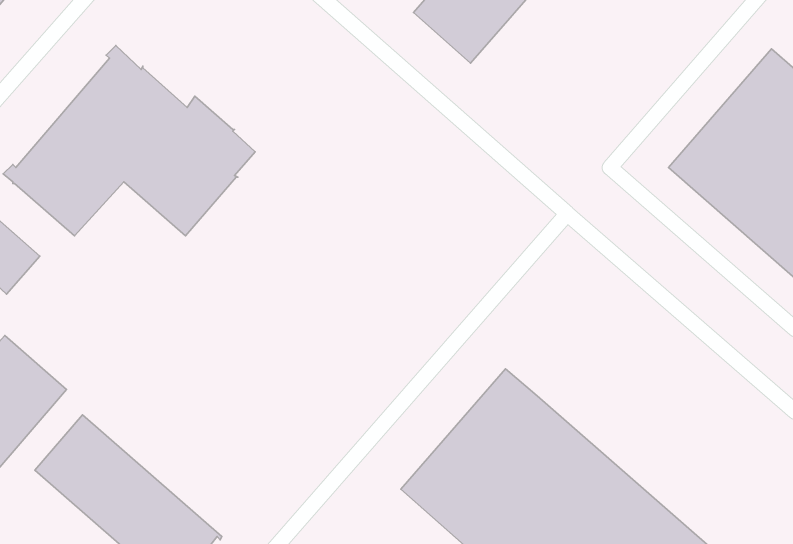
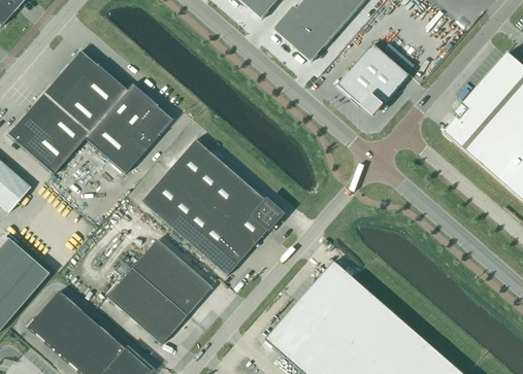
building: none -> [338,43,410,112]
building: none -> [141,139,282,275]
building: none -> [106,239,211,344]

